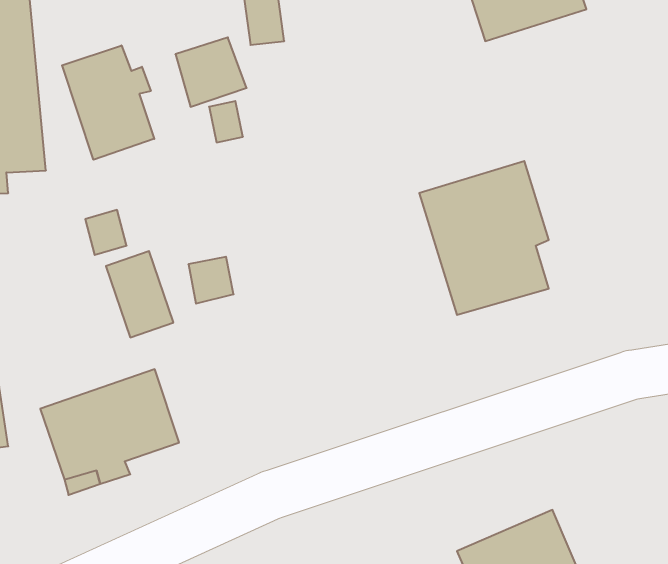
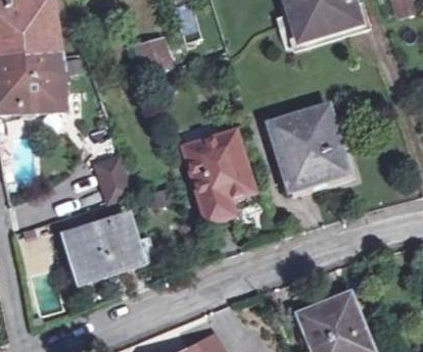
building: [62,45,154,160] -> none
building: none -> [186,131,253,219]

